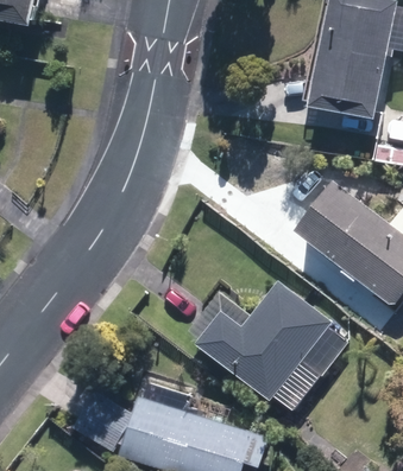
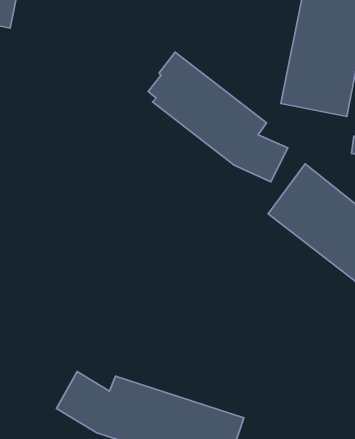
building: none -> [148,52,288,182]
building: [185,276,348,409] -> none

